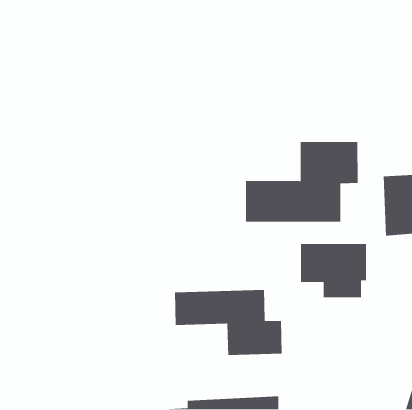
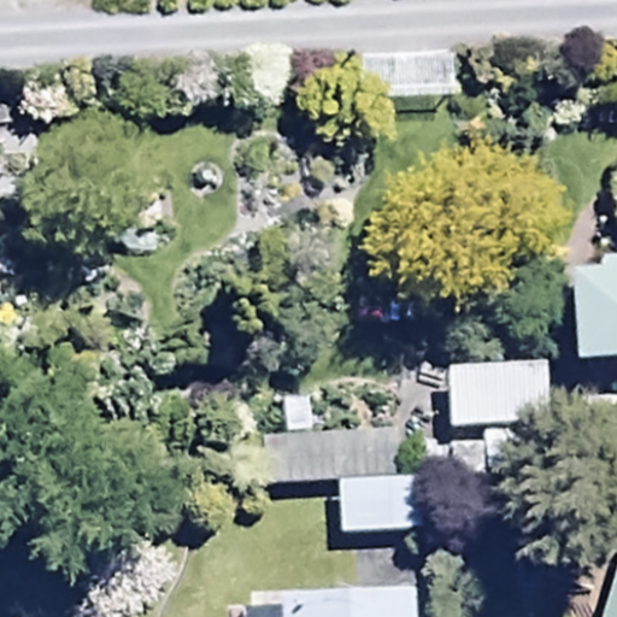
building: [245,141,358,223] -> none

